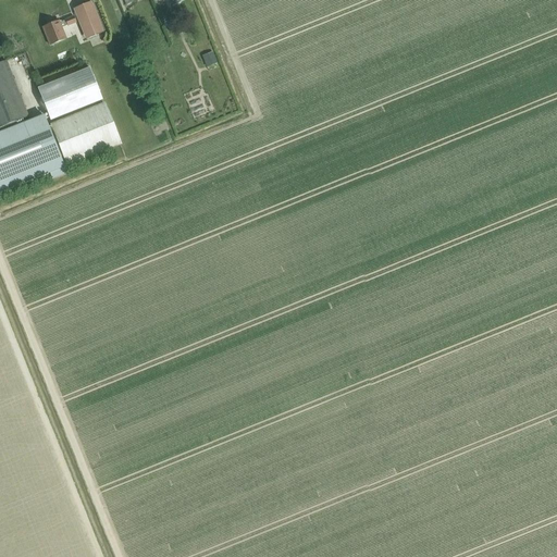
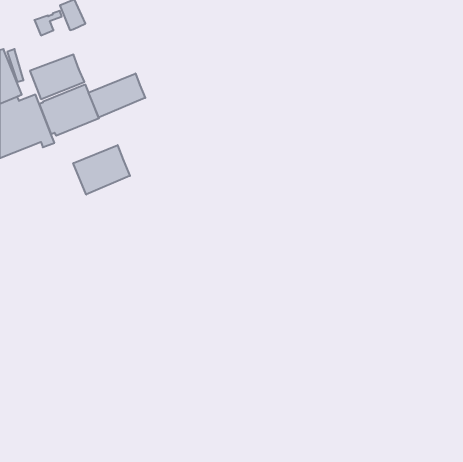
building: none -> [89,73,145,118]
building: none -> [73,145,130,195]

